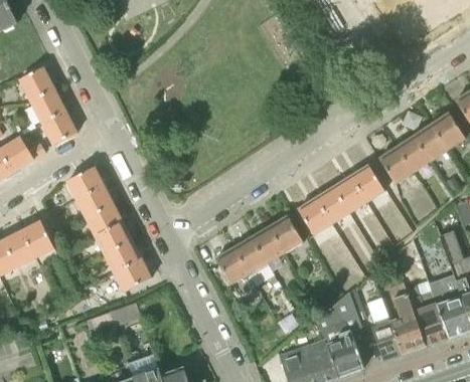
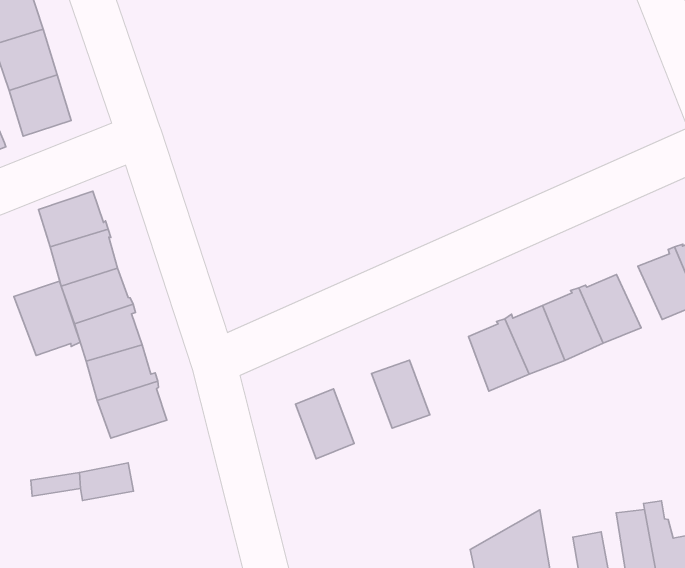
building: [270,215,304,252] -> none
building: none -> [14,281,80,356]
building: [233,236,267,273] -> none

